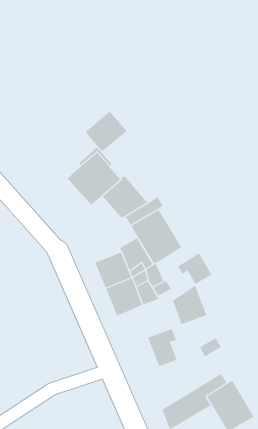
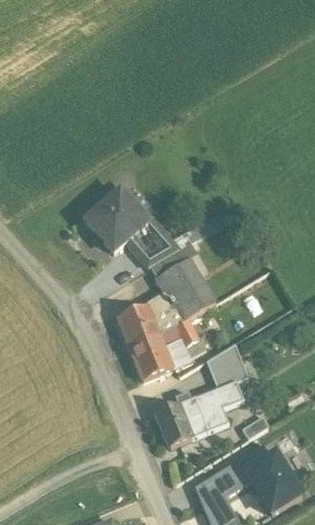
building: [85,111,127,152] -> none
building: [177,252,212,285] -> none
building: none -> [204,381,241,429]
building: none -> [156,403,191,446]

